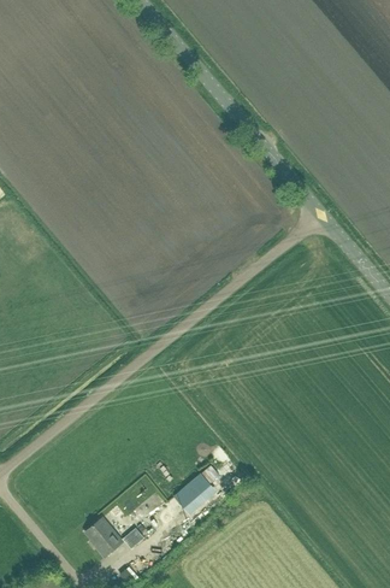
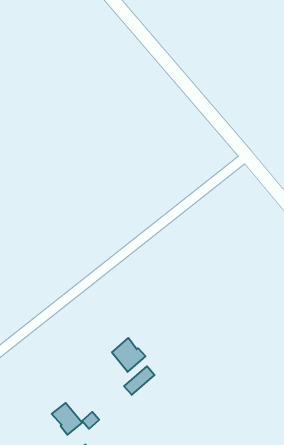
building: none -> [112,338,145,372]

